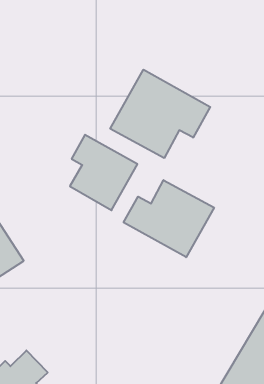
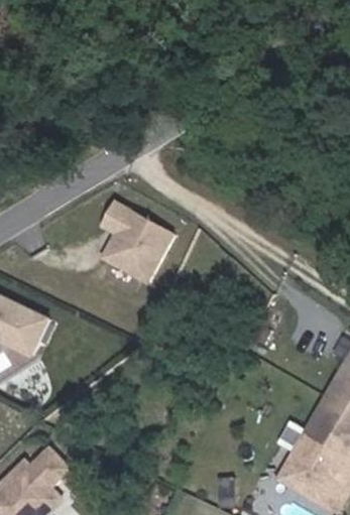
building: [110,70,210,158] -> none
building: [124,180,214,257] -> none

